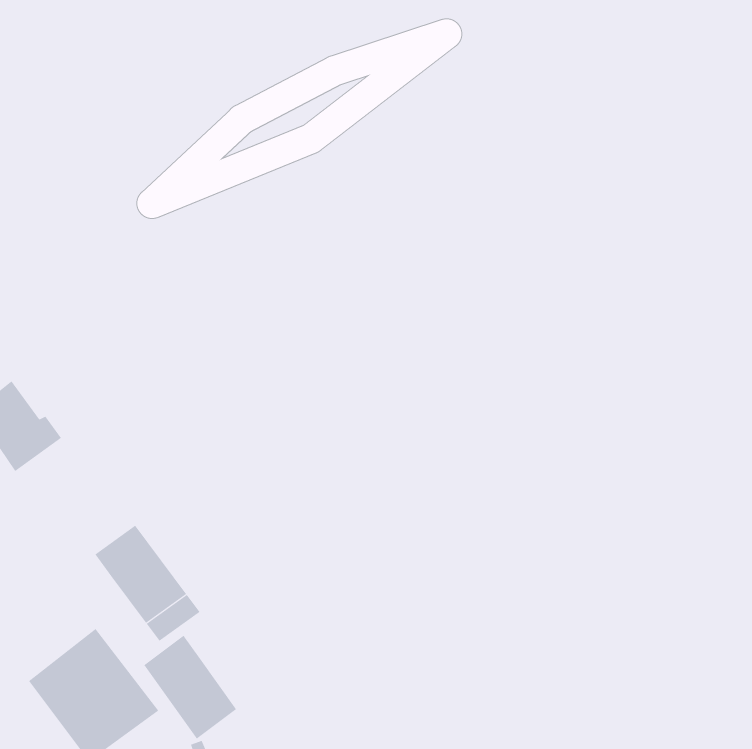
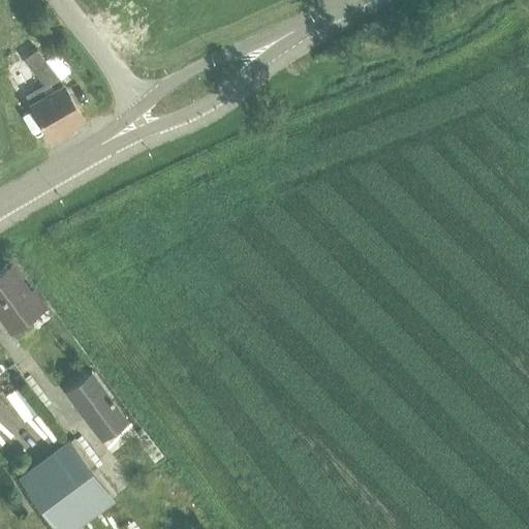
building: none -> [24,54,82,141]
building: [143,635,237,740] -> none

